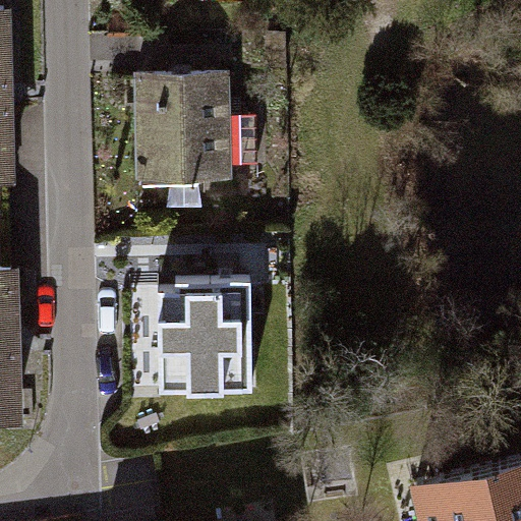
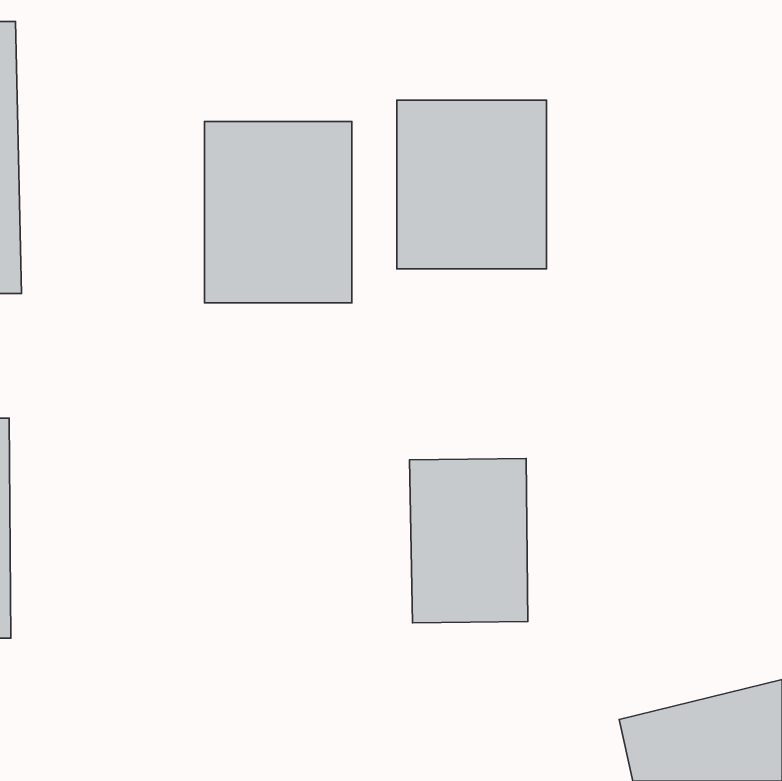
building: none -> [397,100,546,269]
building: [171,286,249,395] -> [409,458,528,623]

